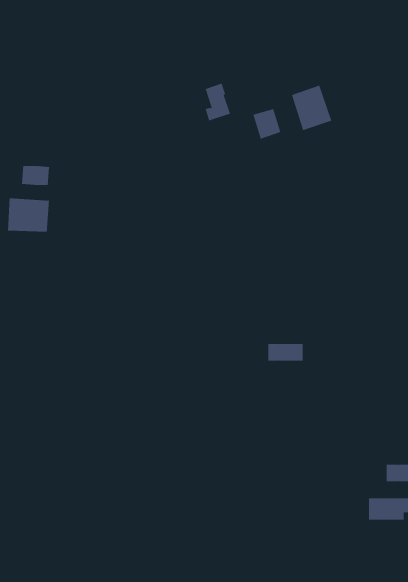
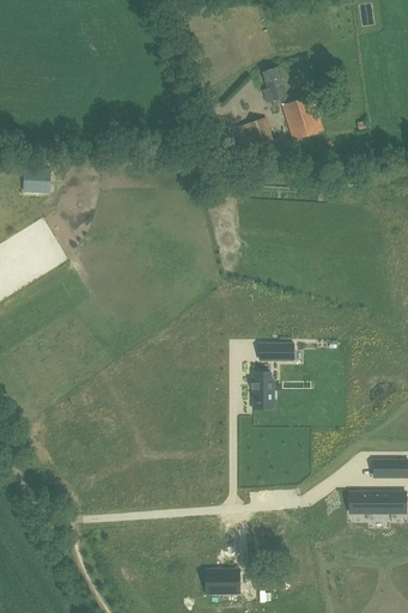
building: [205,83,231,121] -> [261,63,286,101]
building: [7,198,49,232] -> none
building: none -> [250,371,273,401]

